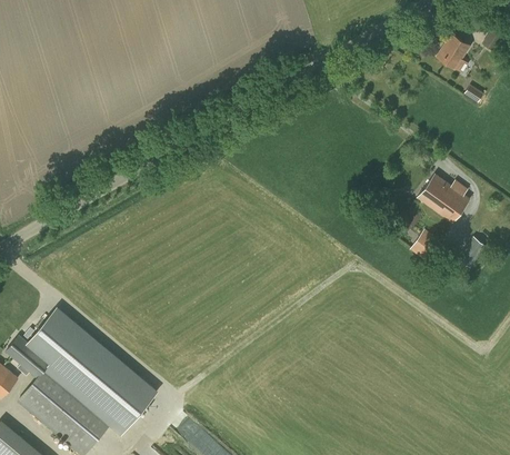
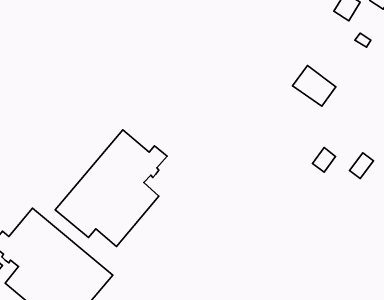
building: [416,172,470,224] -> [293,66,336,106]
building: none -> [55,130,167,246]

